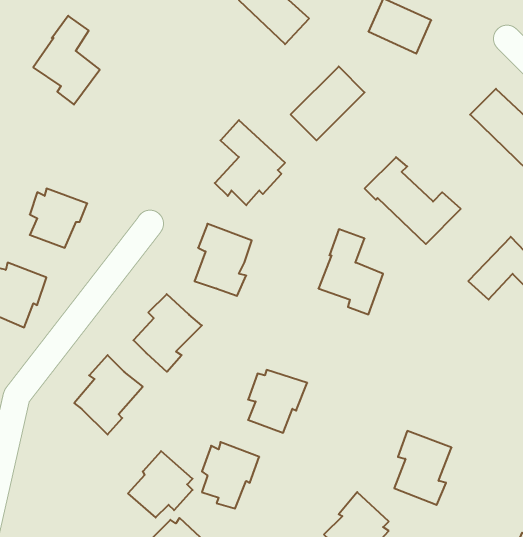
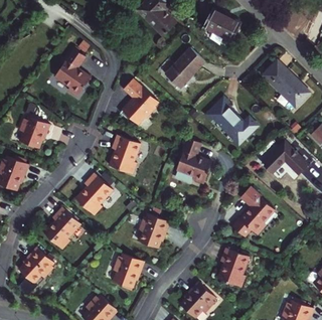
building: [33,16,100,105] -> [55,47,92,96]
building: none -> [232,185,276,235]
building: [128,451,193,518] -> [19,246,54,282]

